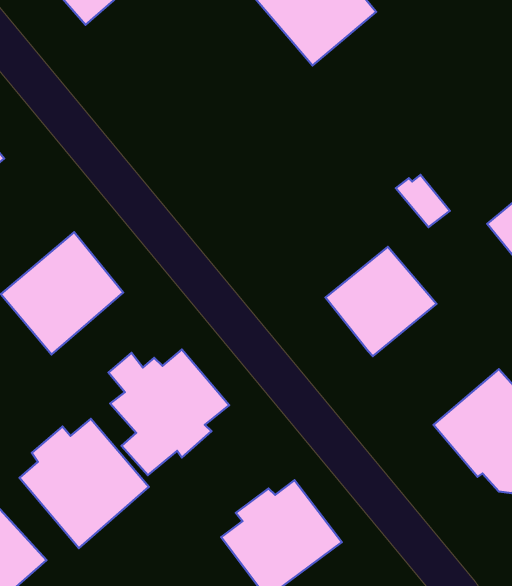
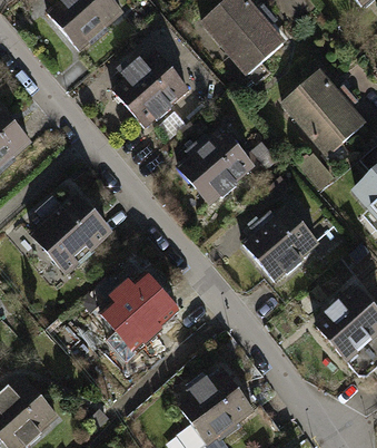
building: none -> [106,53,185,130]
building: none -> [275,71,360,158]
building: none -> [180,126,257,202]
building: [19,419,149,548] -> none

